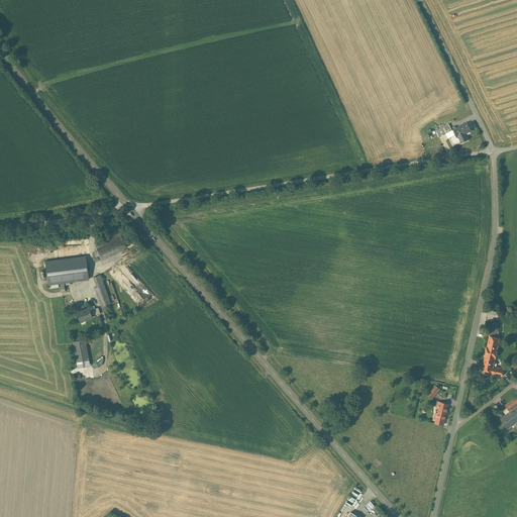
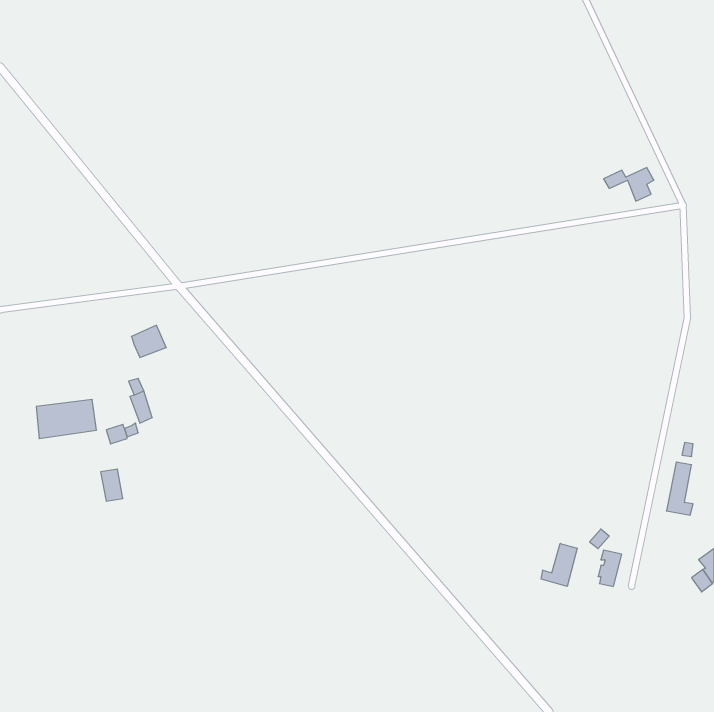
building: [45,255,89,284] -> [36,400,96,439]
building: none -> [541,543,577,586]

